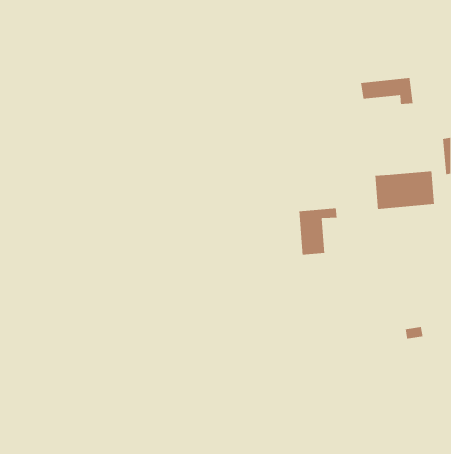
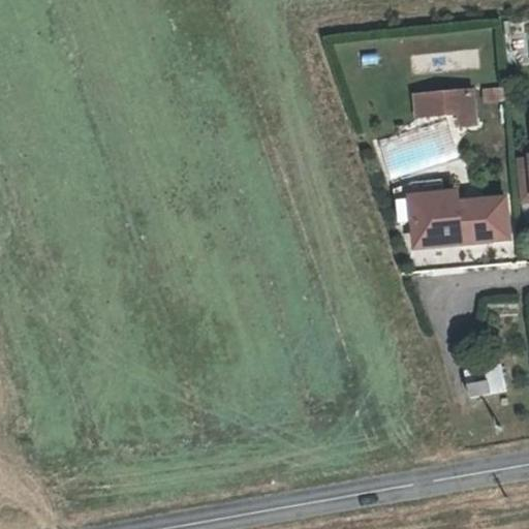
building: [298,207,338,255] -> [407,190,453,246]

